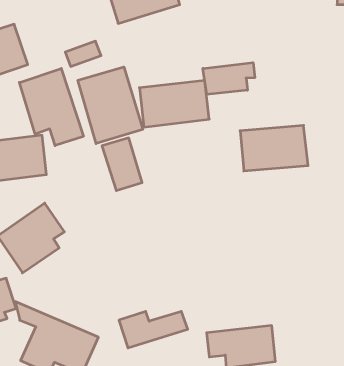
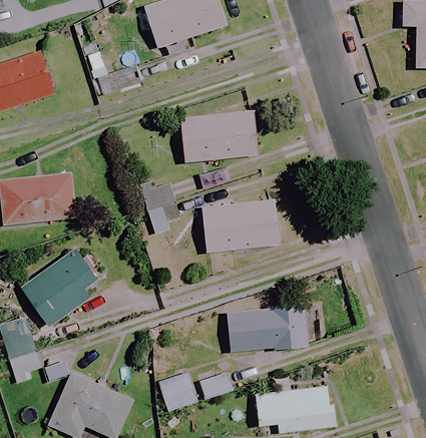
building: [203,63,255,95] -> none
building: [78,67,143,144] -> none
building: [19,68,83,146] -> none
building: [240,125,308,171] -> [202,200,279,252]
building: none -> [226,304,309,353]

